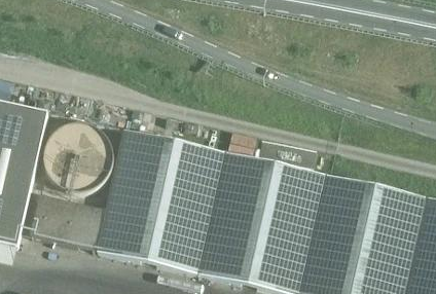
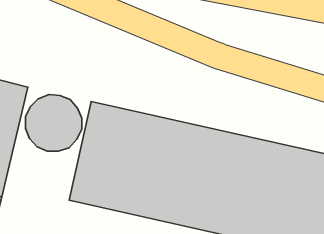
building: [33,193,105,249] -> none

